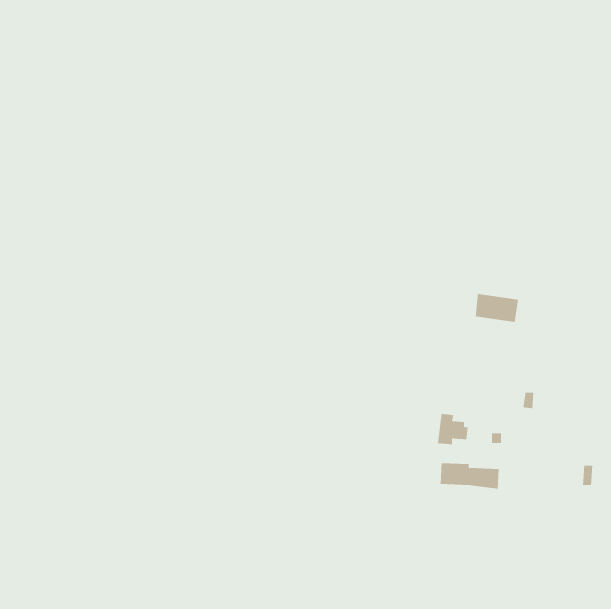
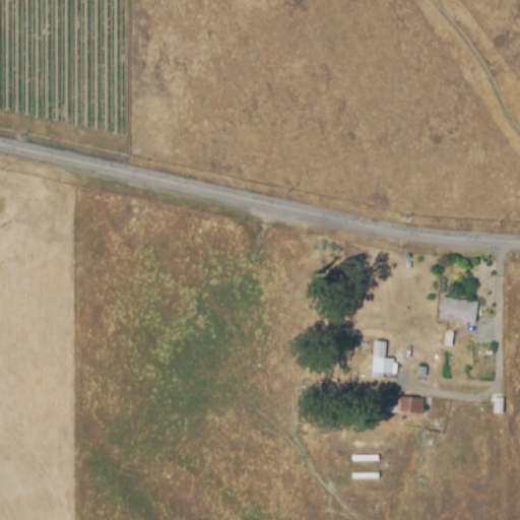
building: [475,294,519,322] -> [440,296,477,320]

